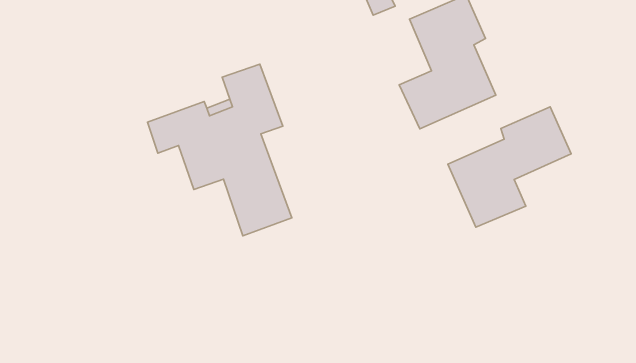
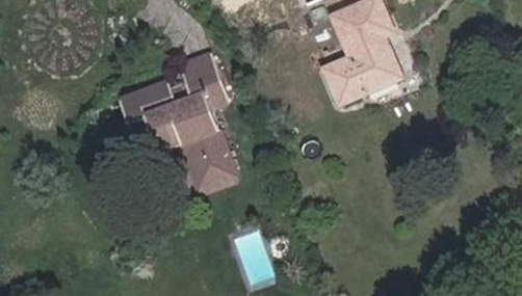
building: [448,107,571,227] -> none

